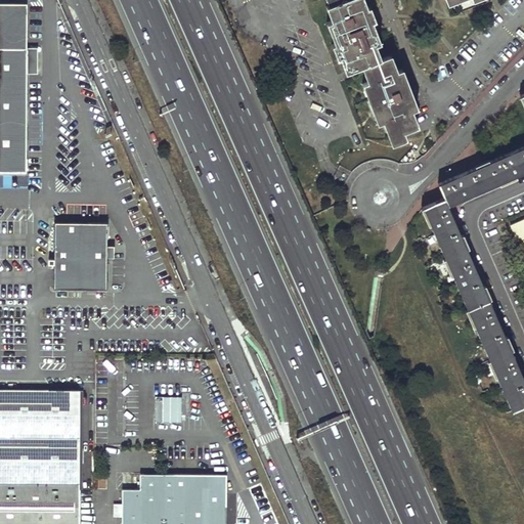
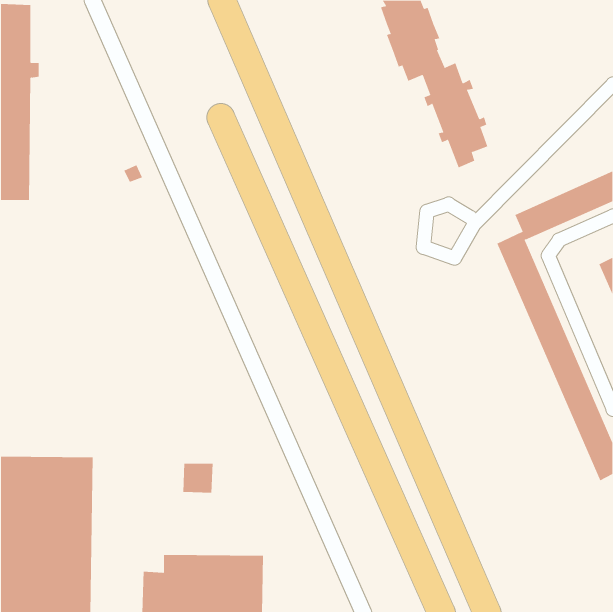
building: [49,222,108,290] -> none

